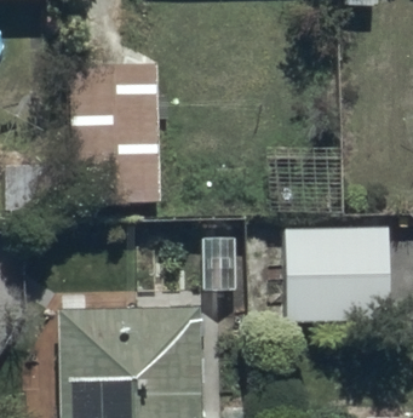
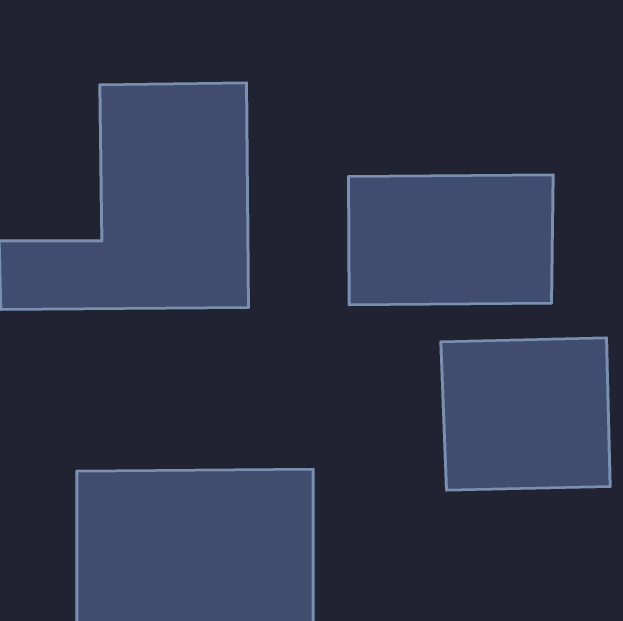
building: none -> [348,175,553,305]

